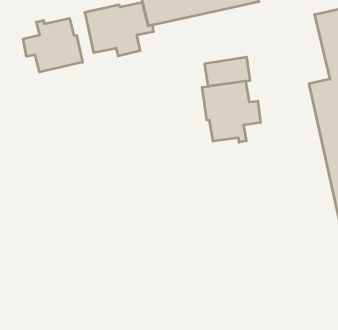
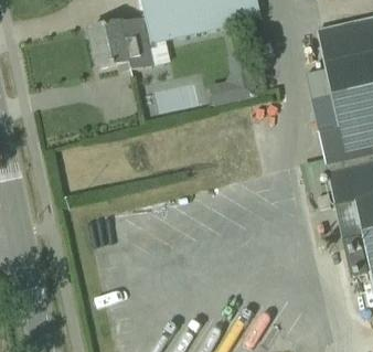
building: [23,18,83,72] -> none
building: [202,81,260,142] -> none

